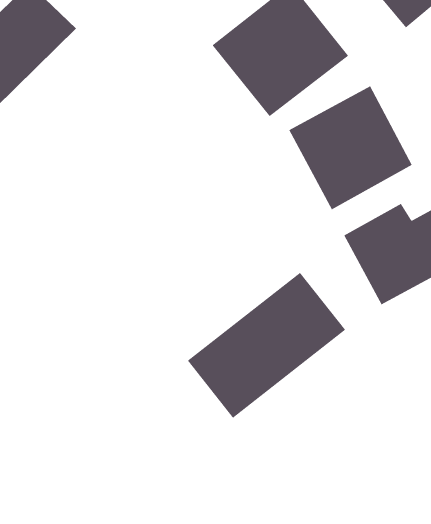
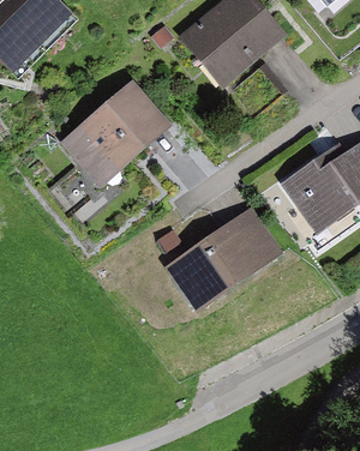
building: [288,85,413,211] -> none
building: none -> [52,95,168,203]

